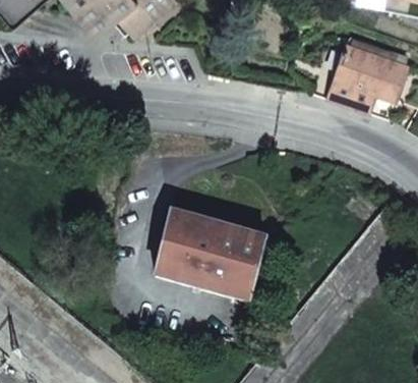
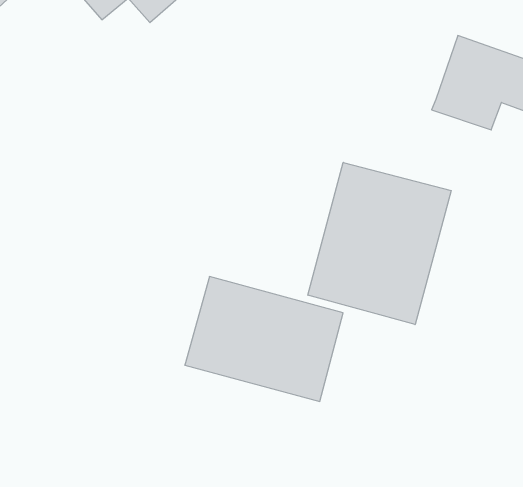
building: none -> [308,162,451,325]

